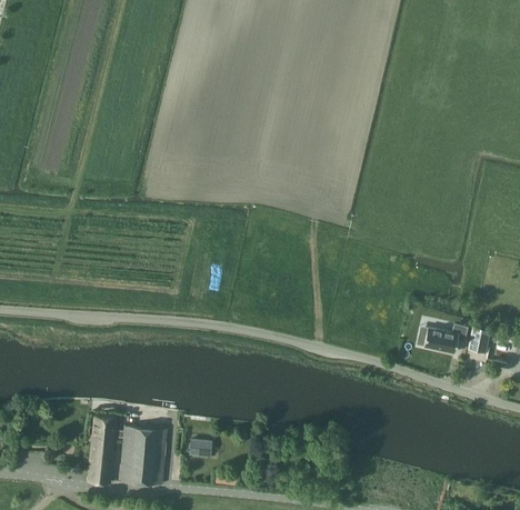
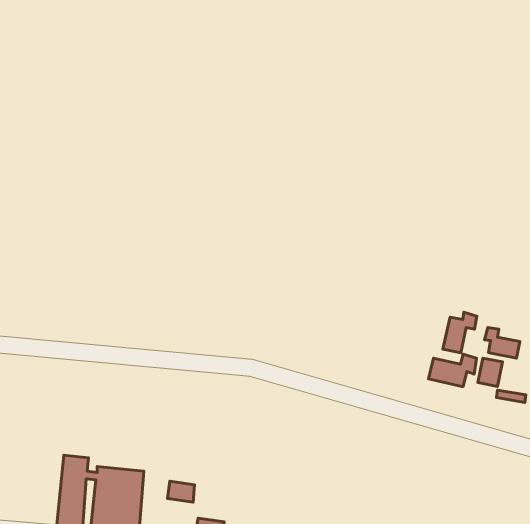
building: none -> [443,312,477,353]
building: none -> [484,328,520,358]

